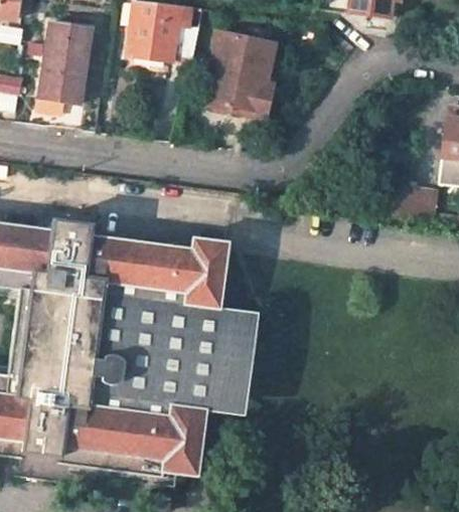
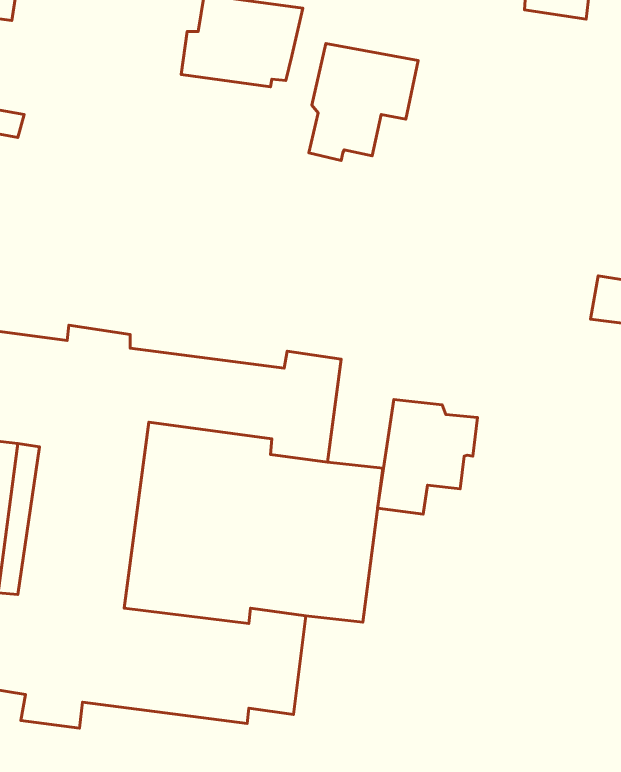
building: [38,23,88,104] -> none
building: [230,79,278,121] -> none
building: none -> [378,400,477,514]

